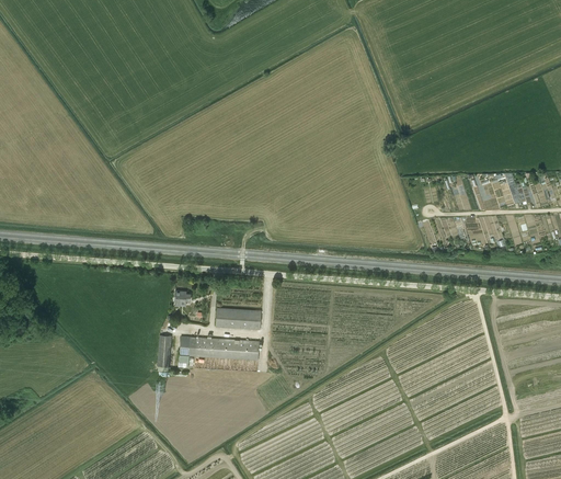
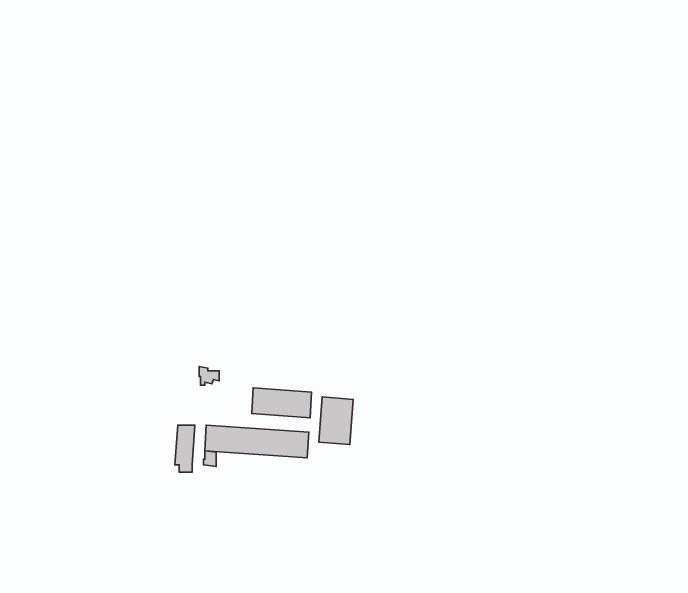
building: none -> [319,397,353,445]

